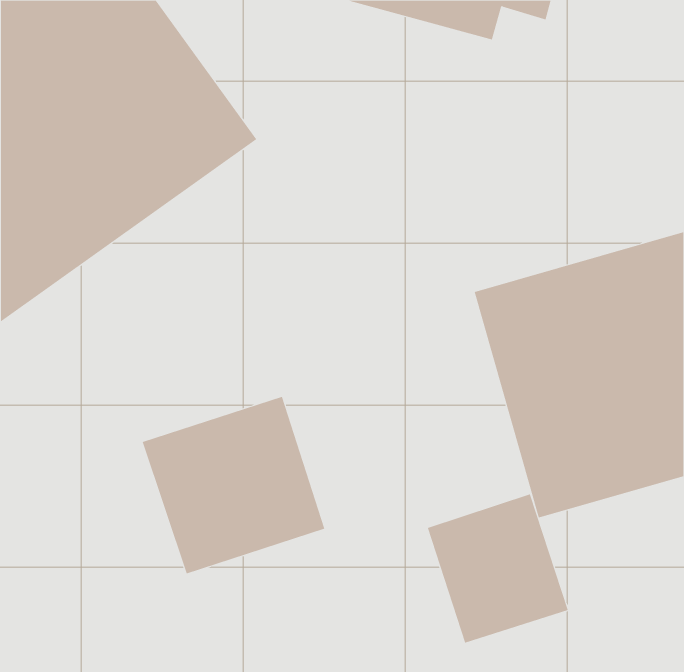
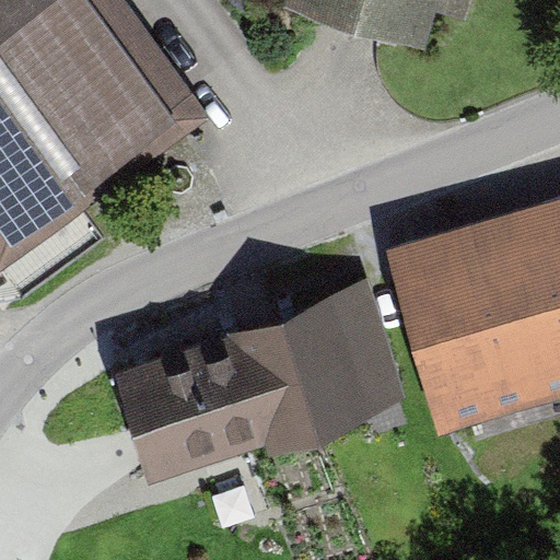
building: none -> [230,284,408,448]
building: [427,494,568,643] -> none

